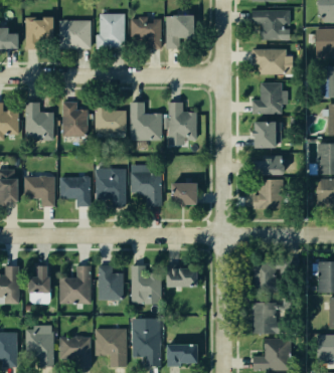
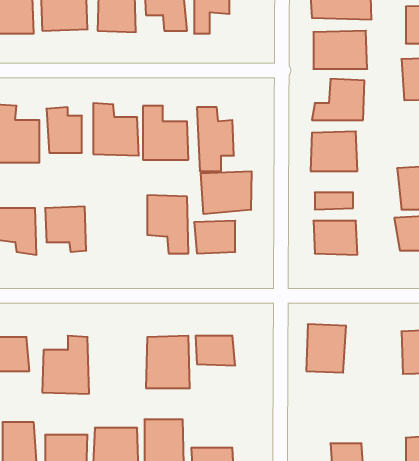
building: none -> [201,171,251,214]
building: [96,169,125,203] -> none
building: [98,264,123,300] -> none
building: [254,303,278,336] -> none

